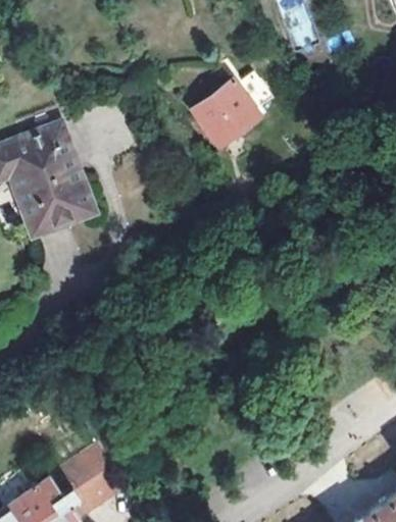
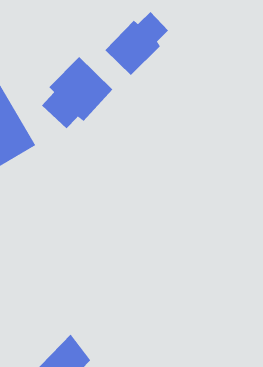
building: none -> [41,56,113,129]

